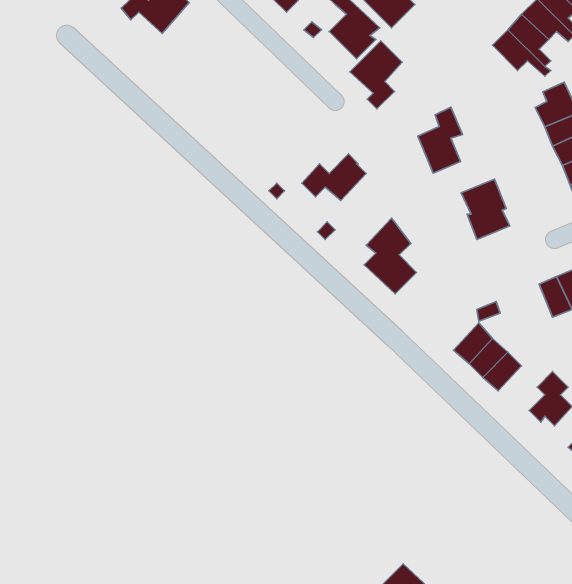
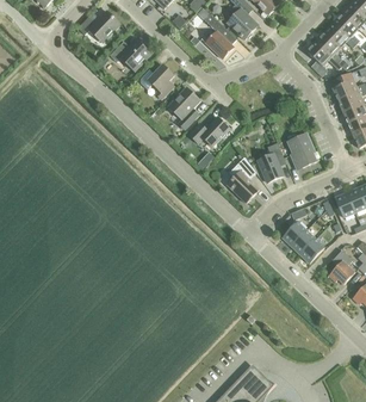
building: none -> [108,39,150,69]
building: [350,41,402,109] -> [167,86,199,128]
building: none -> [139,63,173,98]
building: [418,107,462,173] -> [256,141,284,181]

